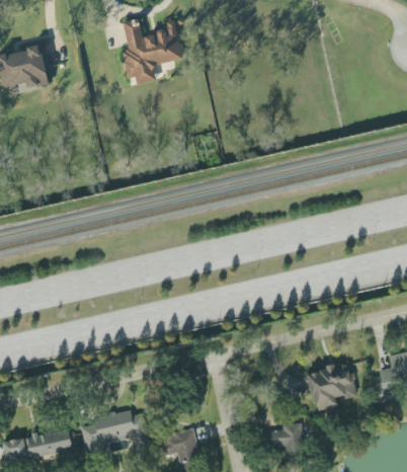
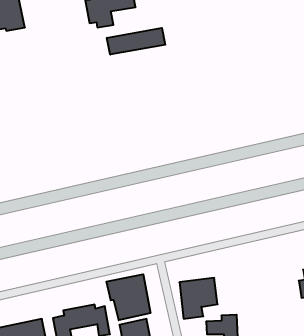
building: none -> [107,28,165,55]
building: [311,365,356,413] -> [179,278,218,319]
building: none -> [106,274,150,320]

